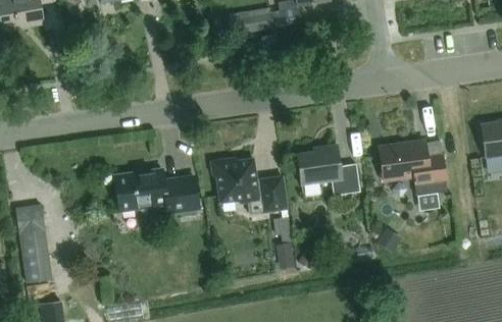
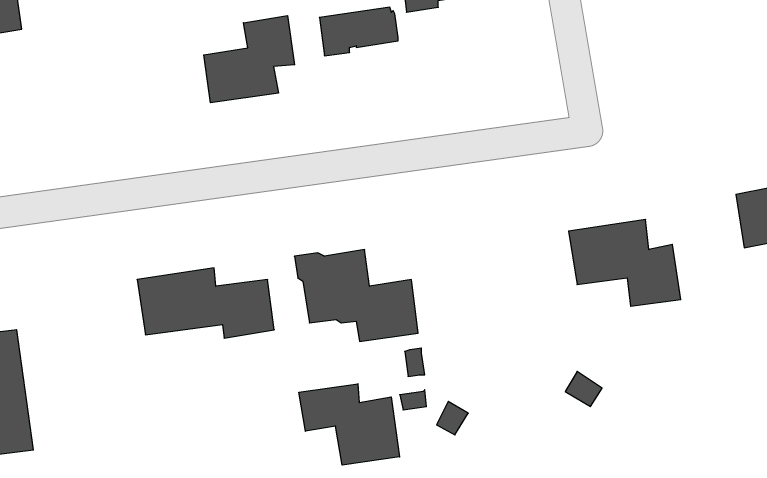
building: none -> [204,16,295,103]
building: [297,143,361,195] -> none
building: none -> [299,384,400,465]

